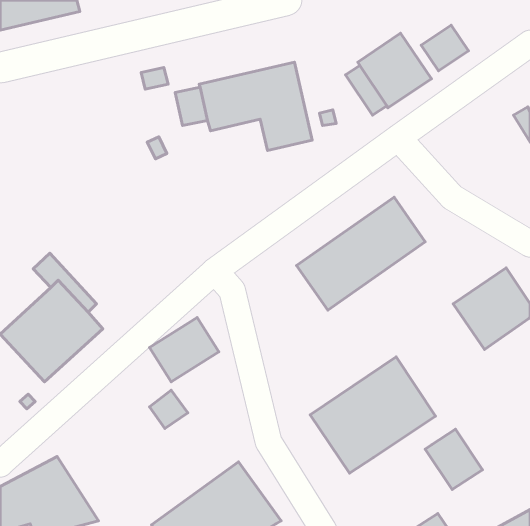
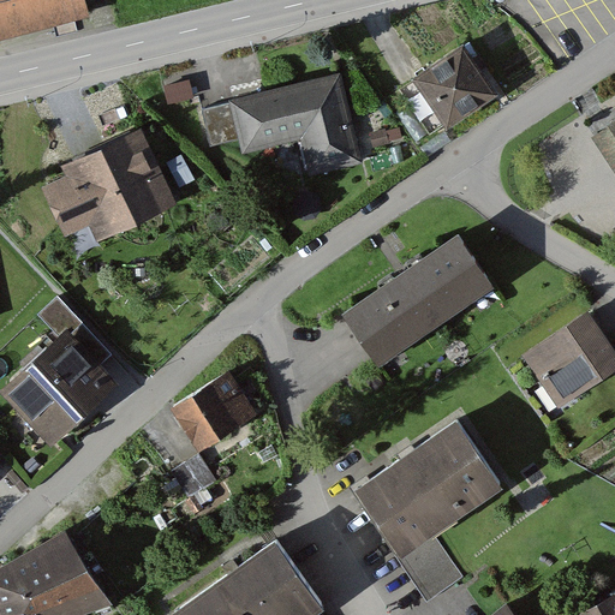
building: [421,25,469,71] -> none
building: none -> [41,127,177,239]
building: [425,429,482,489] -> [398,535,464,604]

